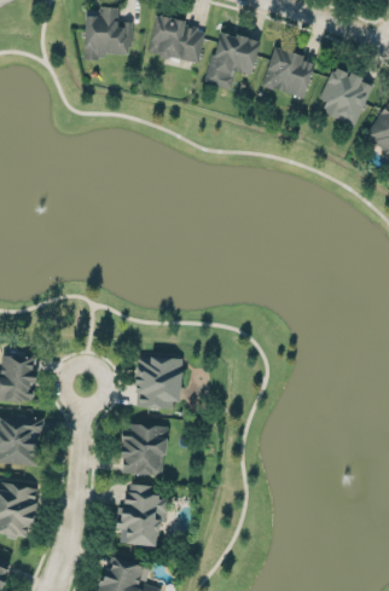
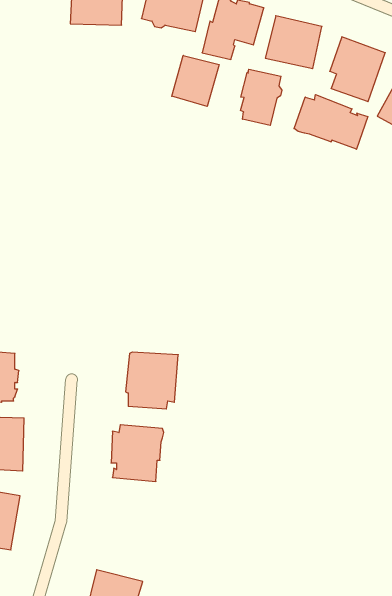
building: none -> [172,55,219,106]
building: none -> [241,69,282,125]
building: none -> [294,95,368,149]
building: [116,482,168,546] -> none

